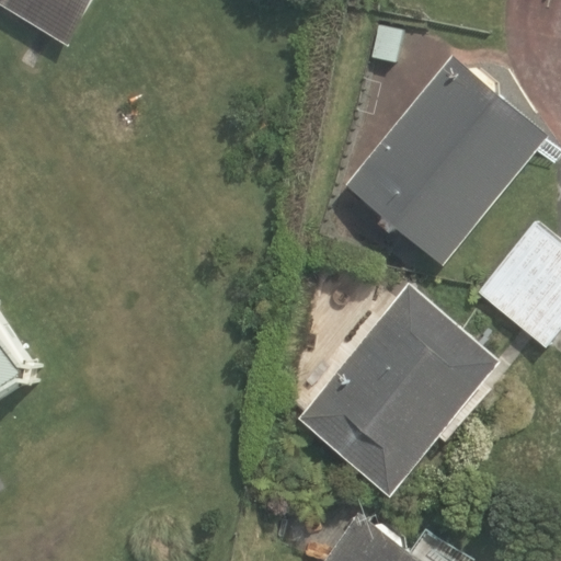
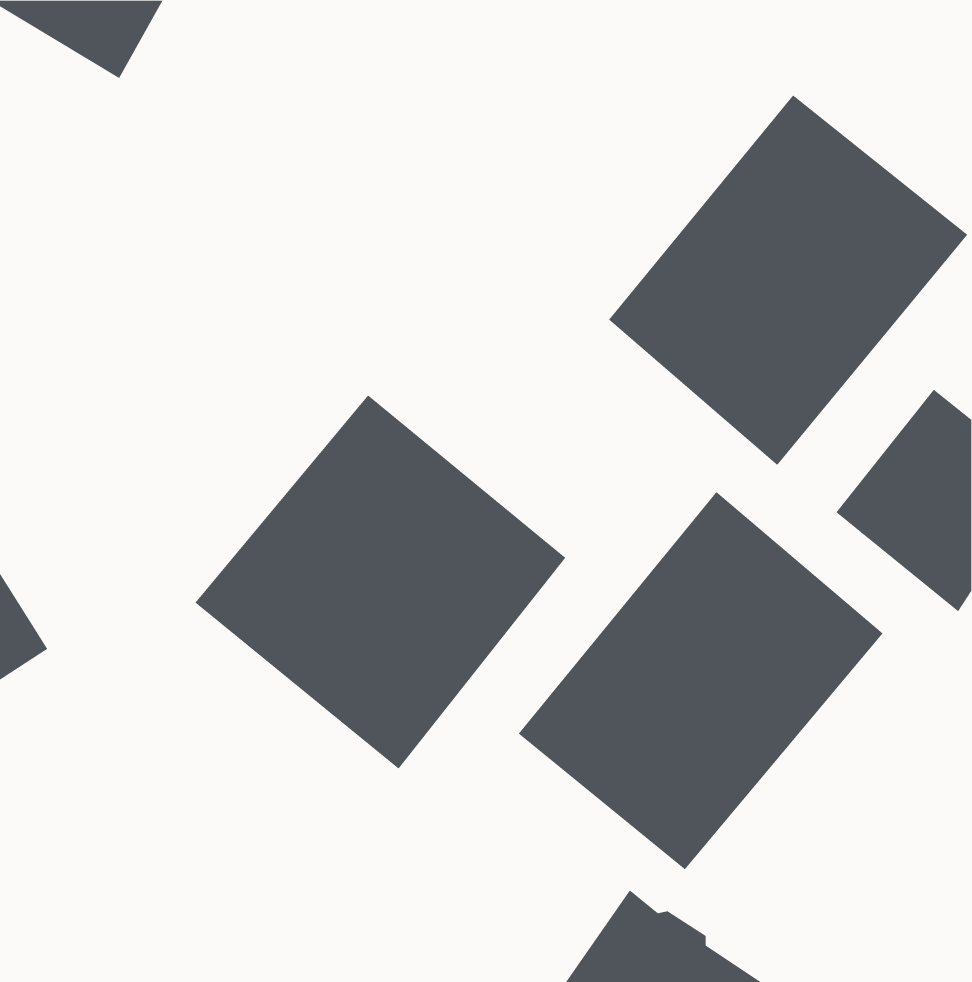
building: none -> [194,394,566,770]

